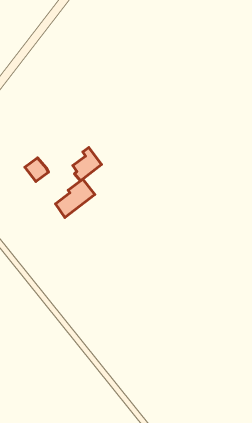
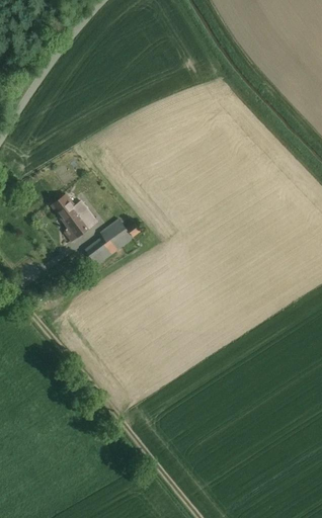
building: [73,148,102,181] -> [63,201,97,241]

